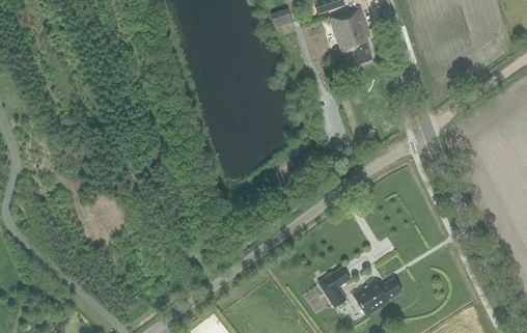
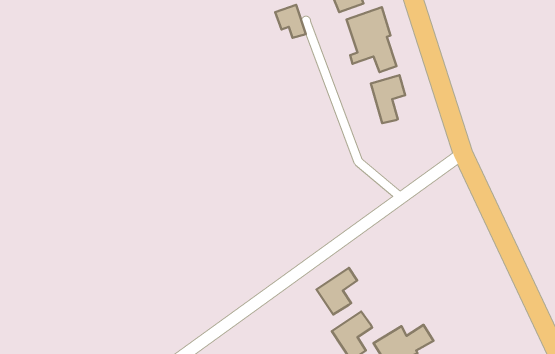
building: none -> [371,75,405,123]
building: none -> [316,268,357,315]

